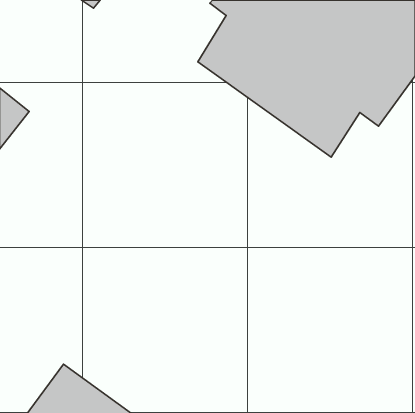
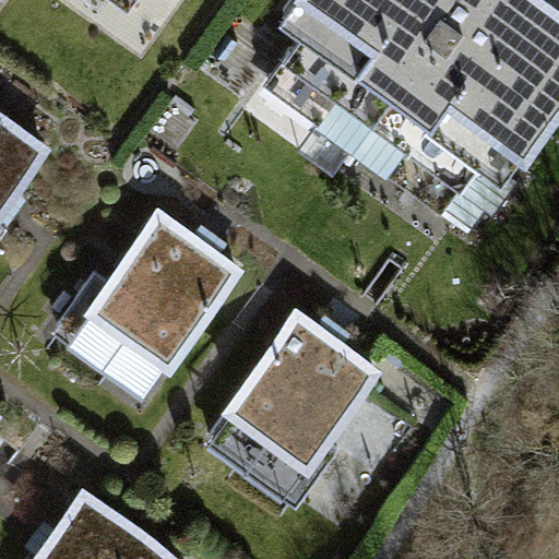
building: none -> [81,213,238,374]
building: none -> [221,313,377,475]

